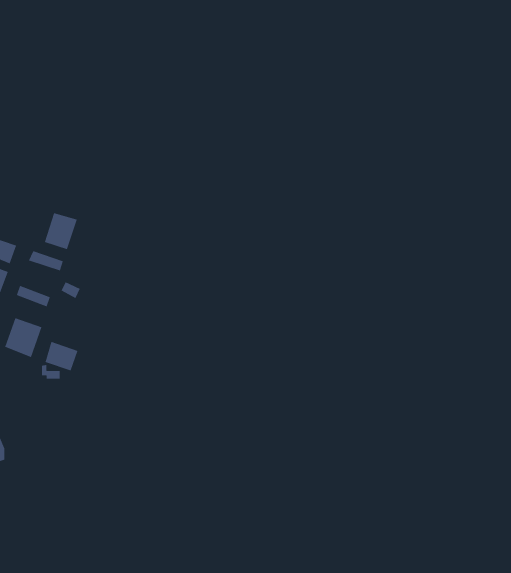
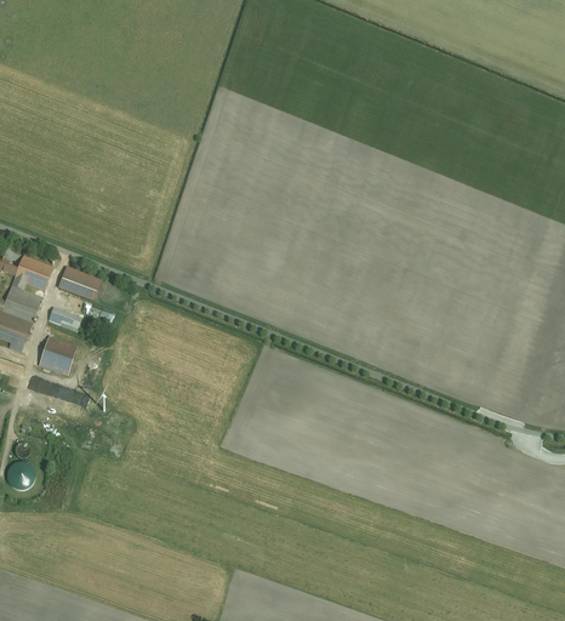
building: [44,212,78,250] -> none
building: [44,341,78,372] -> none

